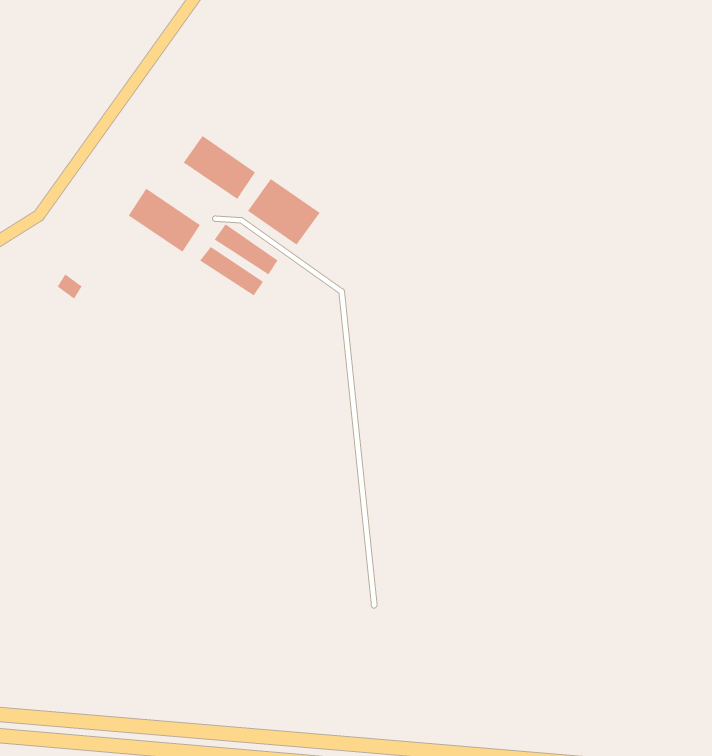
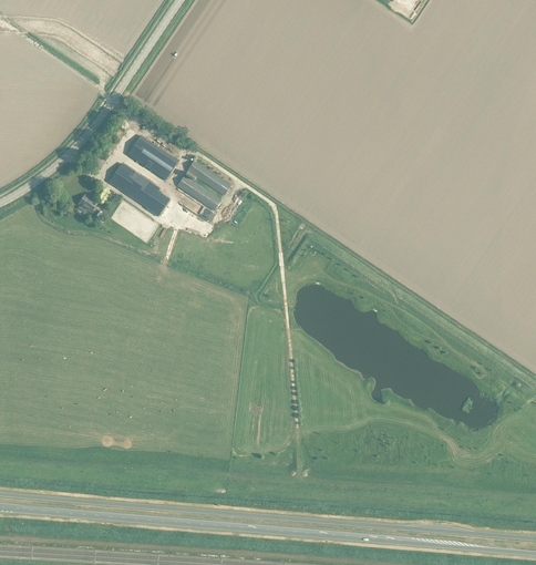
building: [183,135,256,200] -> [109,163,158,207]
building: [247,178,320,245] -> none

